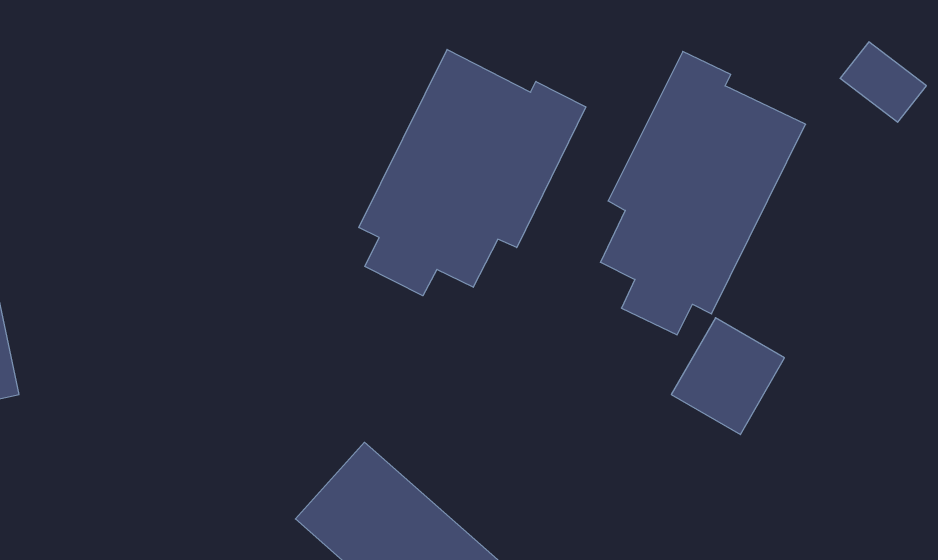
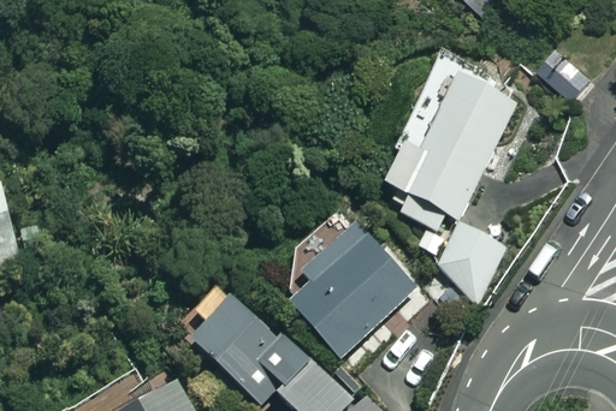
building: [359,49,586,296] -> none
building: none -> [292,227,421,364]

